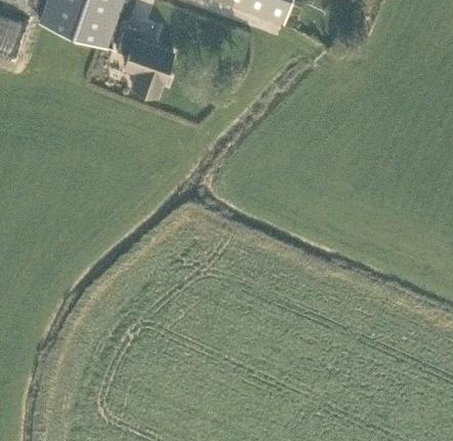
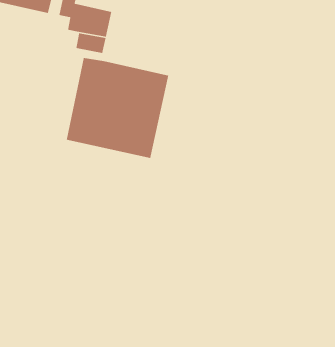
building: none -> [66,57,169,159]

